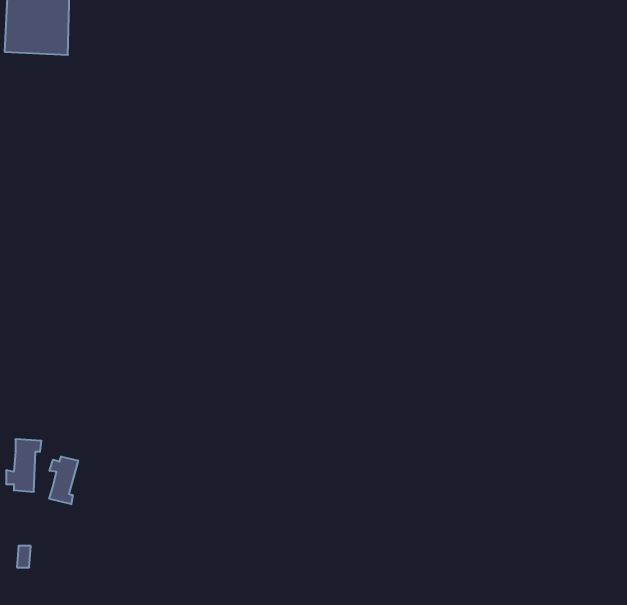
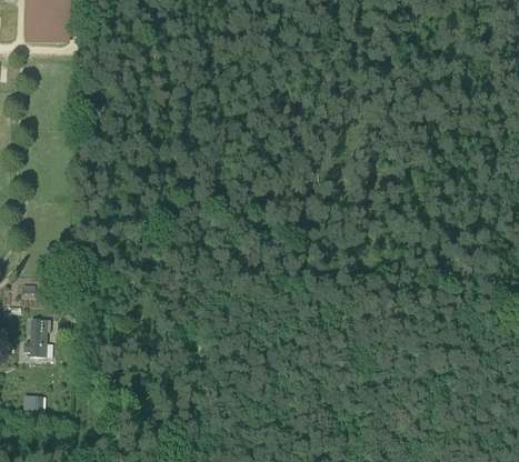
building: [49,456,78,504] -> none

